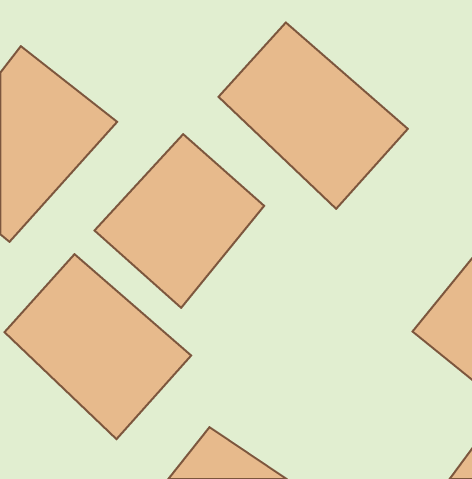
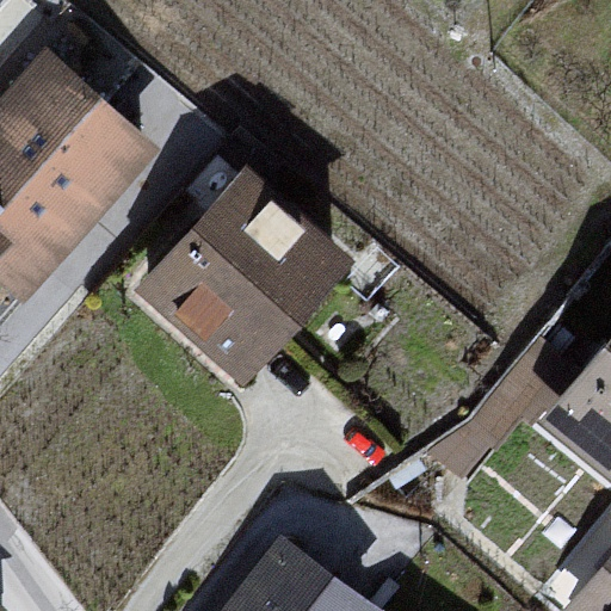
building: [219,22,408,209] -> none
building: [5,254,191,439] -> none

